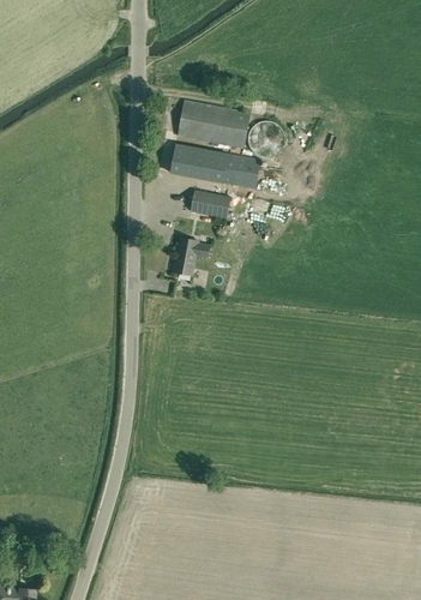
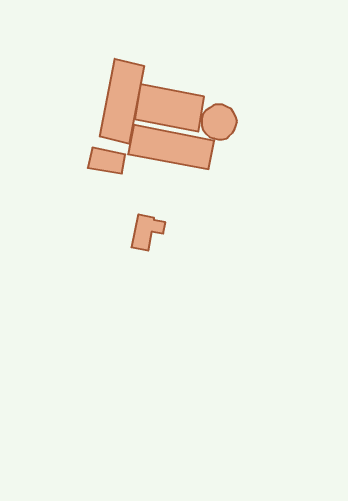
building: none -> [100,59,144,144]
building: [190,190,229,217] -> [88,148,125,174]

